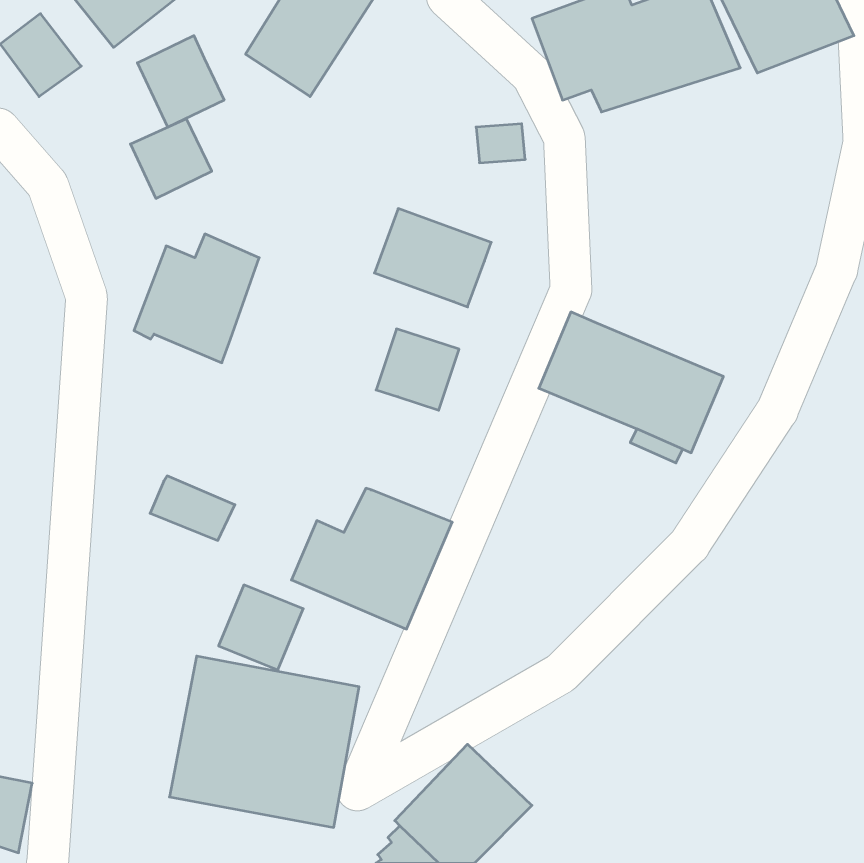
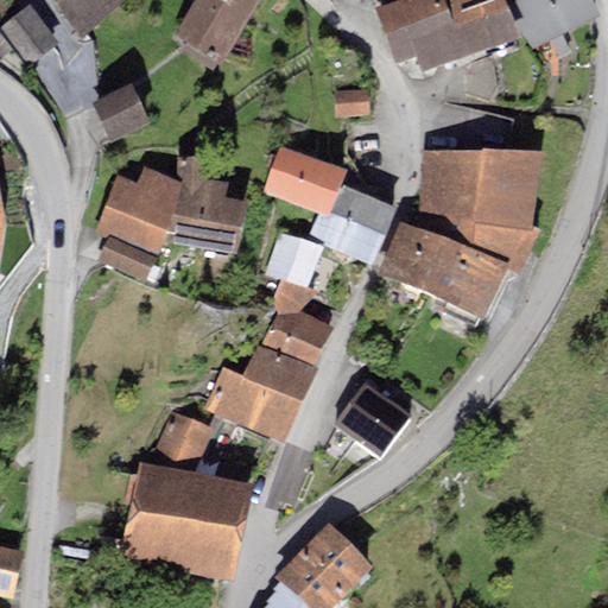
building: [137,36,224,127] -> none
building: none -> [417,148,543,268]
building: none -> [162,154,247,252]
building: none -> [306,183,397,262]
building: none -> [260,278,332,363]
building: [150,476,235,540] -> [96,234,156,279]
building: none -> [334,380,410,455]

